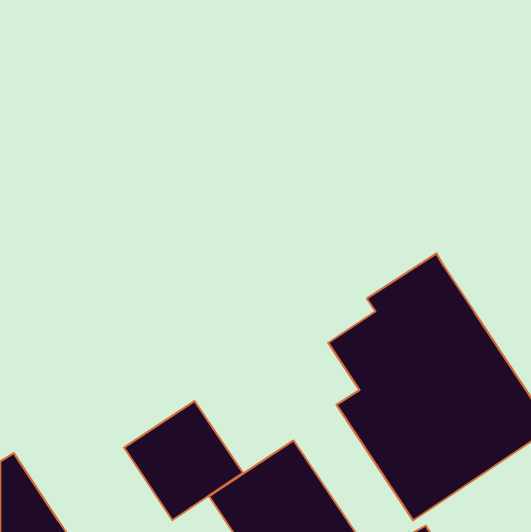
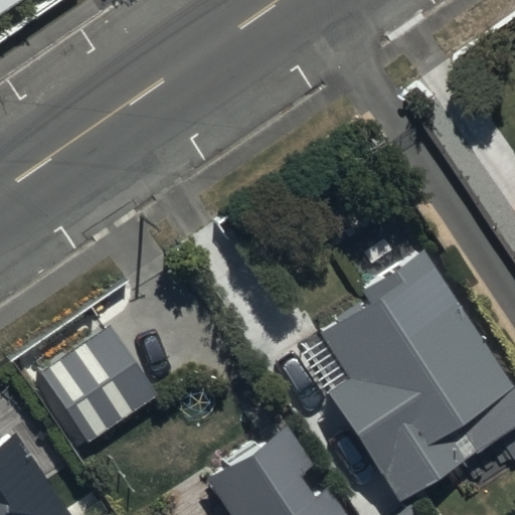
building: [124,401,243,520] -> [44,331,158,445]

